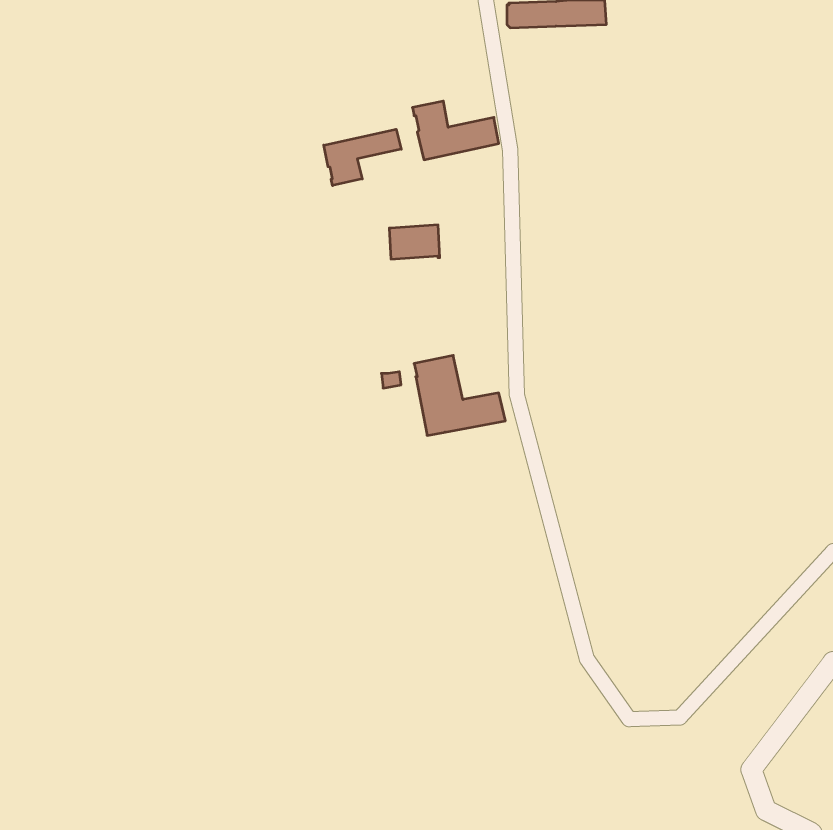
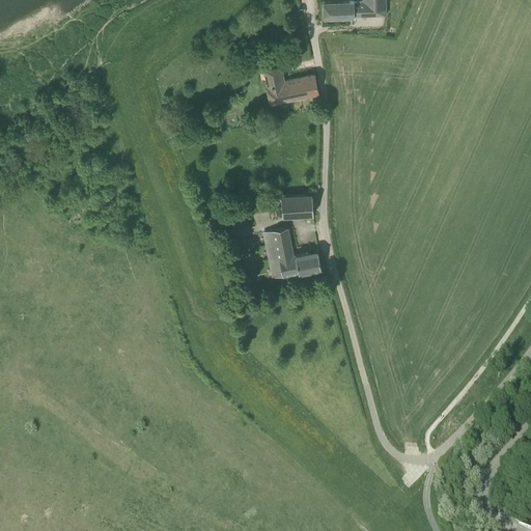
building: [324,129,401,186] -> none
building: [389,225,440,259] -> [281,195,313,217]

